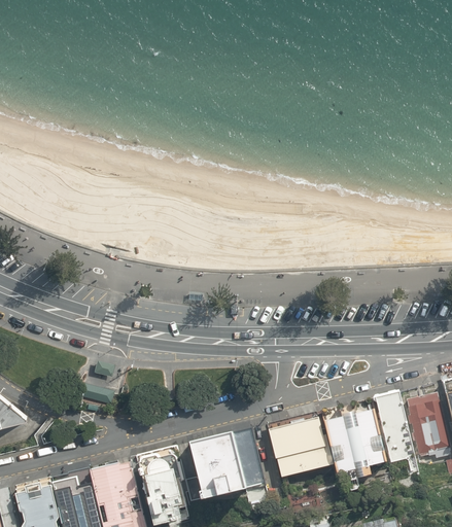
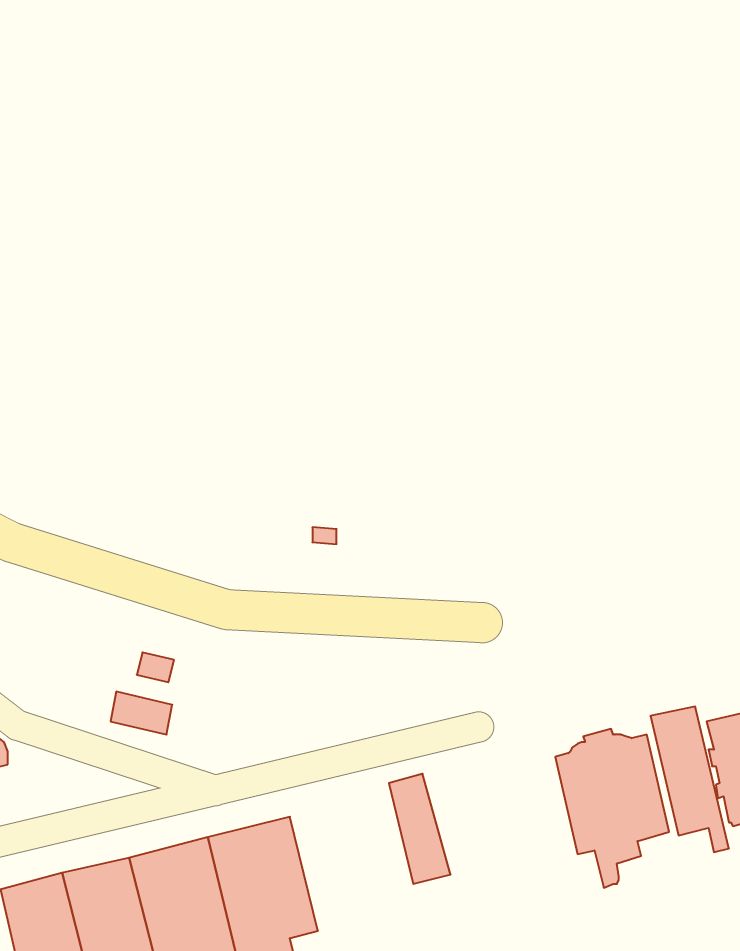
building: [266,410,333,477] -> none
building: [190,433,244,499] -> none

